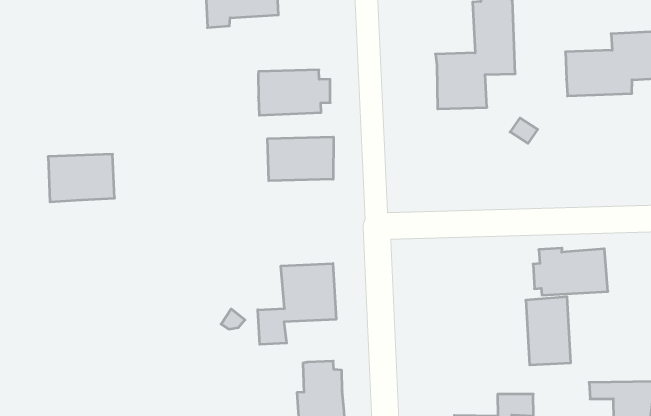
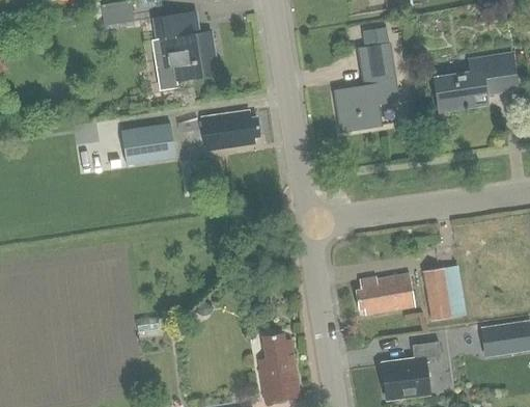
building: [268,137,333,181] -> none
building: [48,154,115,202] -> [120,125,174,166]
building: [533,248,608,295] -> [356,272,415,313]
building: [258,263,336,344] -> none

